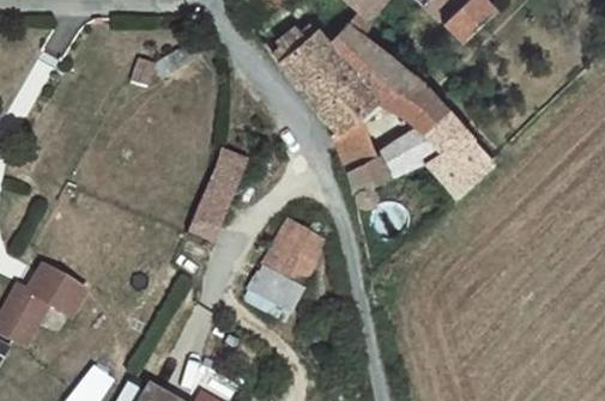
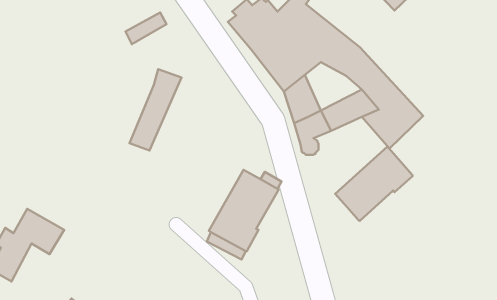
building: [188,150,247,242] -> [130,69,181,150]
building: none -> [335,146,413,221]

